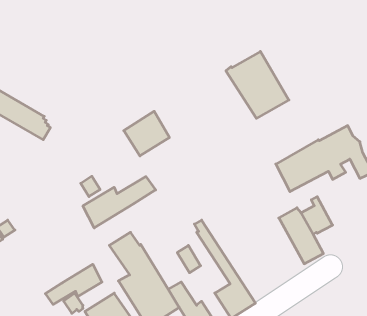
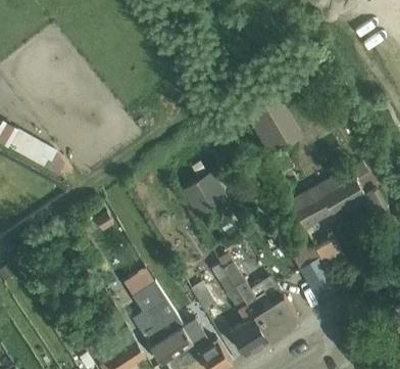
building: [124,111,169,156] -> [182,173,228,218]
building: [83,177,156,228] -> none
building: none -> [212,244,300,342]
building: [45,264,102,304] -> none

